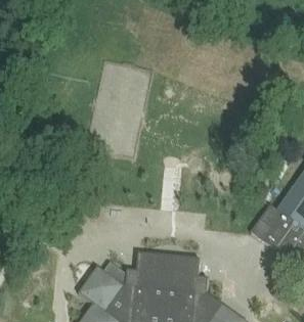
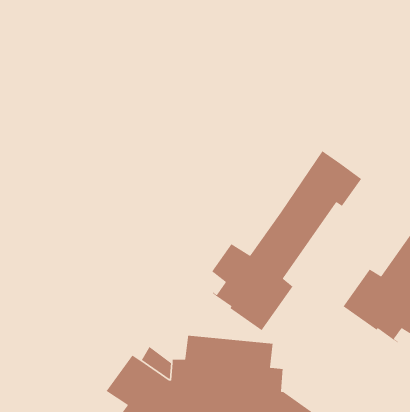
building: none -> [211,150,362,331]

